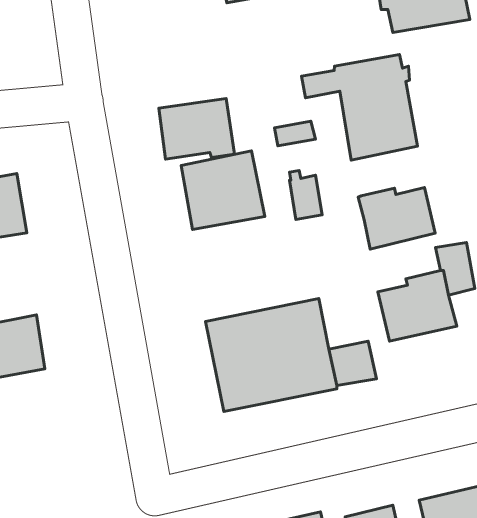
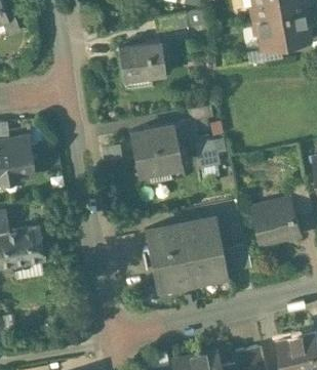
building: [302,55,417,160] -> none
building: [159,98,234,159] -> [118,40,165,78]
building: [358,187,435,249] -> none

